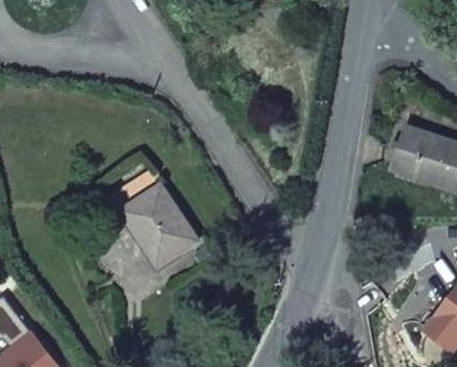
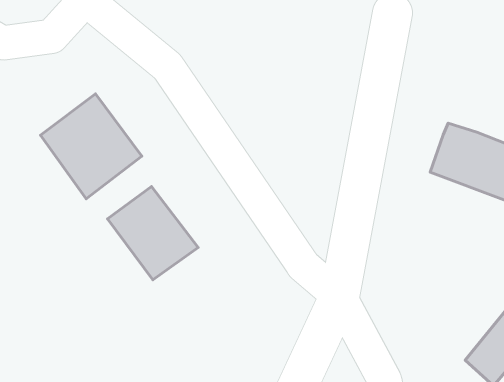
building: none -> [40,94,142,199]

